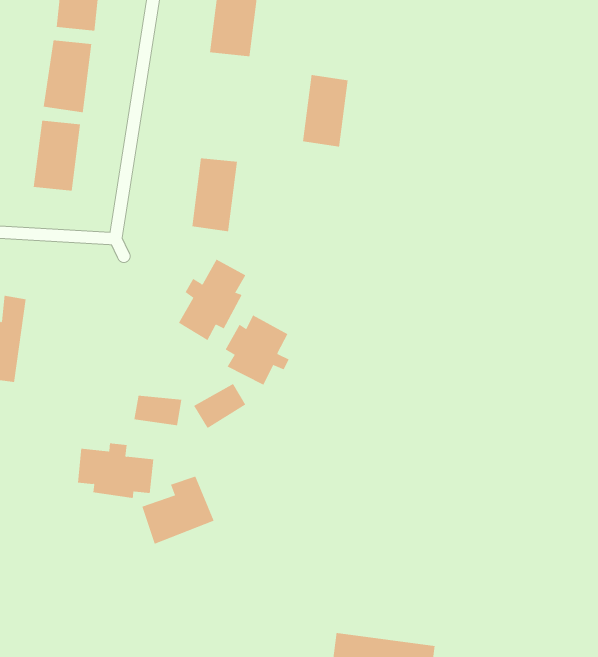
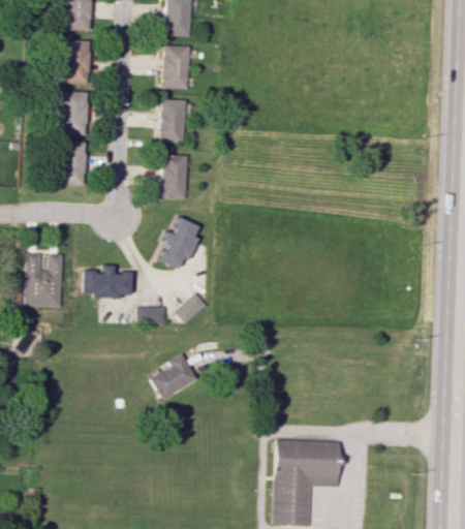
building: [302,75,348,147] -> [160,99,185,143]
building: [225,315,290,385] -> none
building: [77,443,154,498] -> [85,266,131,299]

